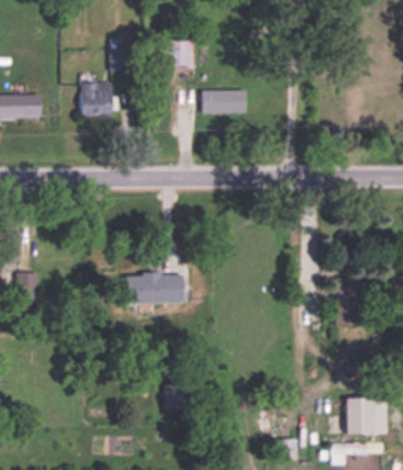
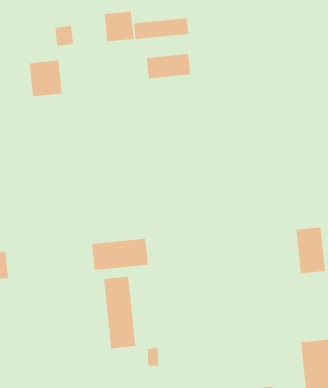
building: none -> [133,17,189,40]
building: none -> [104,276,136,349]

